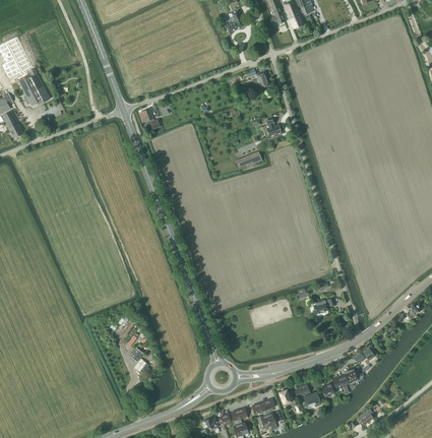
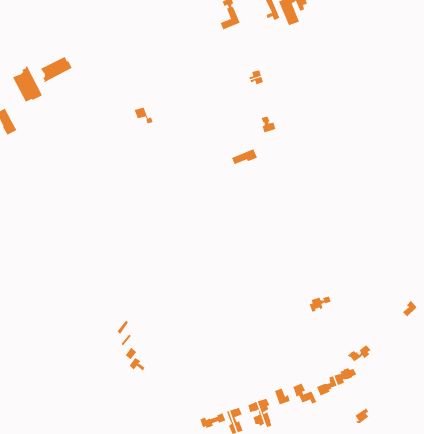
building: none -> [40,56,73,83]

